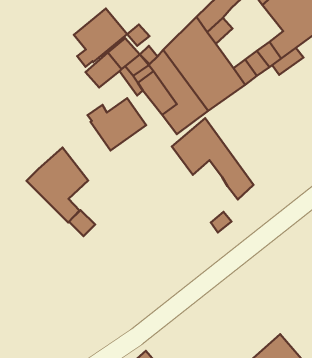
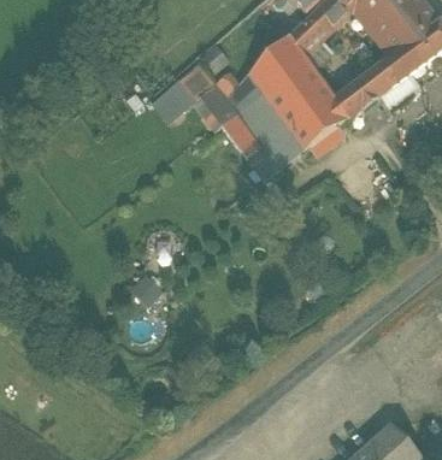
building: [74,8,127,67] -> none
building: [87,98,146,150] -> none
building: [172,118,254,199] -> none
building: [27,148,88,222] -> none

